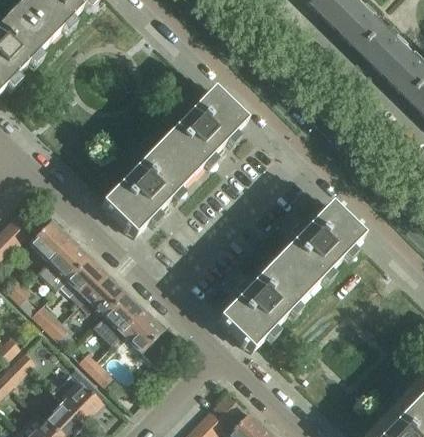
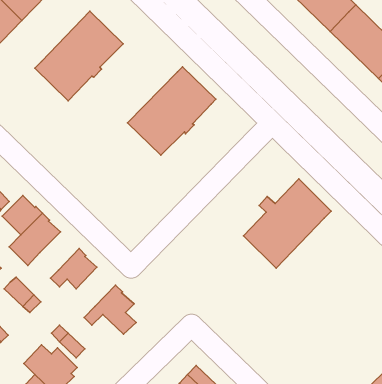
building: [99,146,189,237] -> [35,11,123,101]
building: [66,257,106,304] -> none
building: [217,261,306,351] -> none
building: [92,293,143,344] -> none

